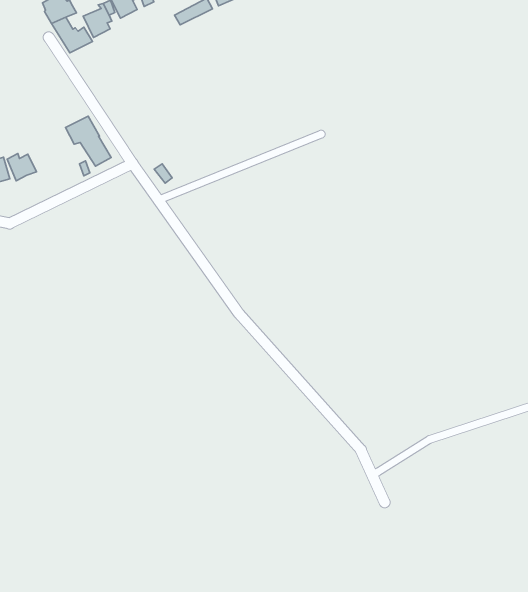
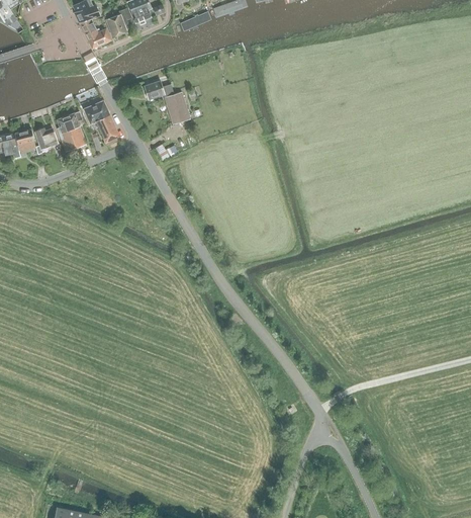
building: none -> [144,80,190,123]
building: none -> [57,111,86,152]

